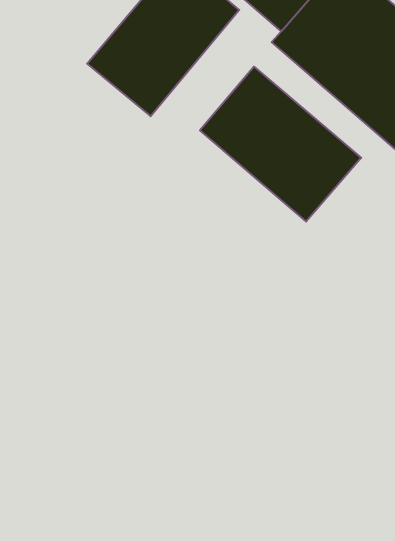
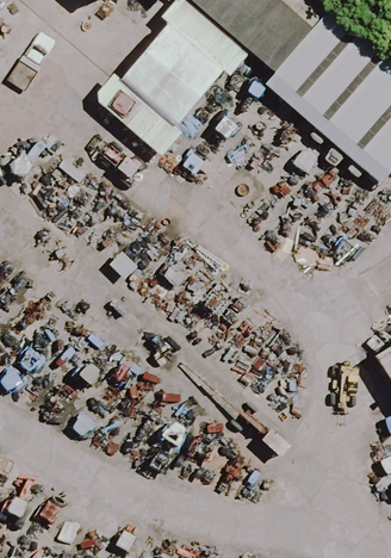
building: [200,67,361,222] -> none

